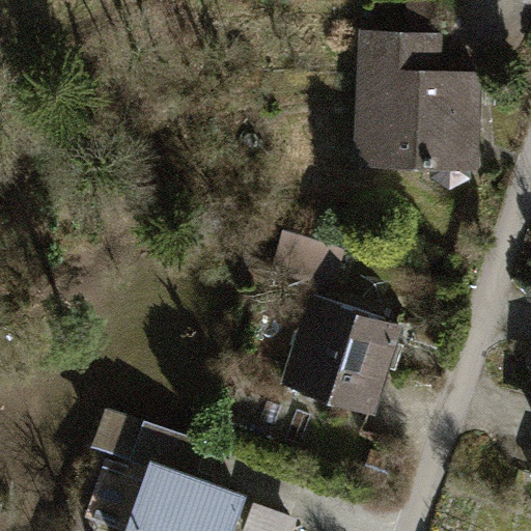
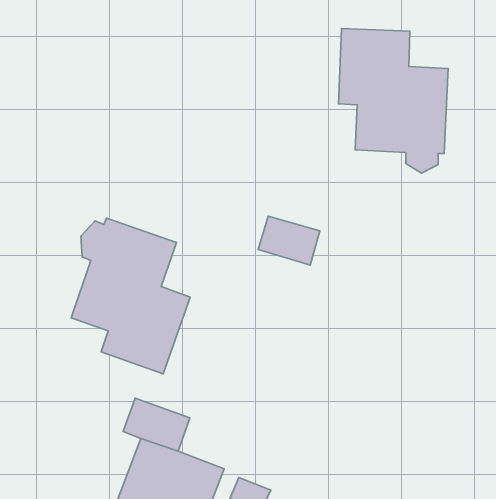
building: none -> [71,218,190,374]
building: [283,296,399,409] -> none

